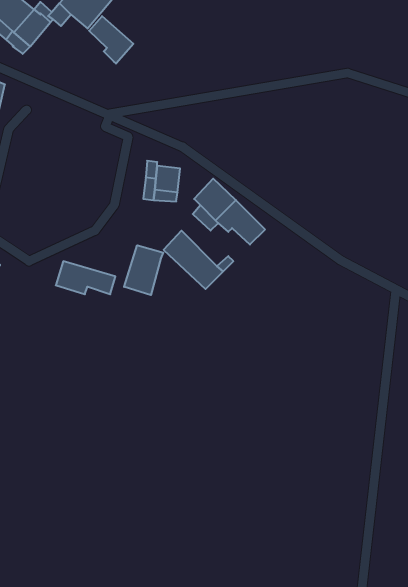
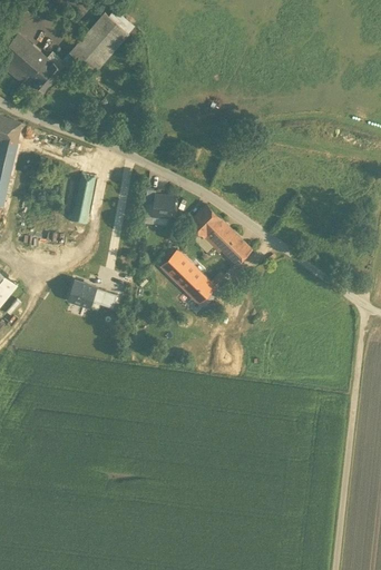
building: [89,16,133,64] -> none
building: none -> [70,174,97,220]
building: [124,245,163,295] -> none

